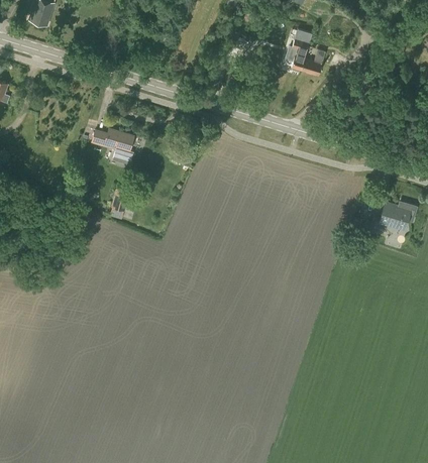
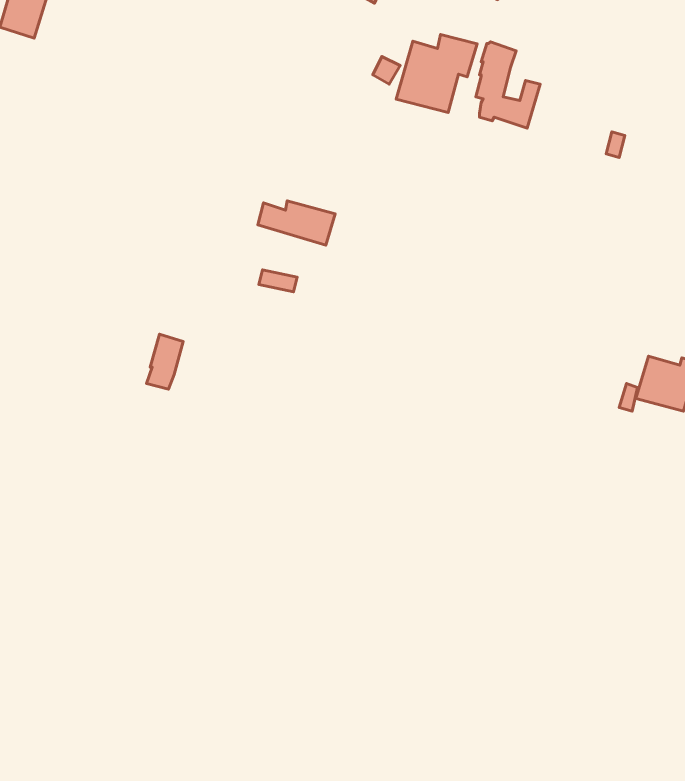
building: none -> [396,35,477,112]
building: [93,128,135,152] -> [258,201,335,245]

